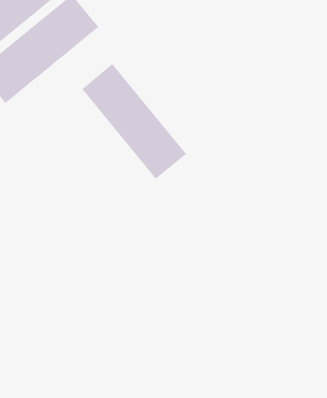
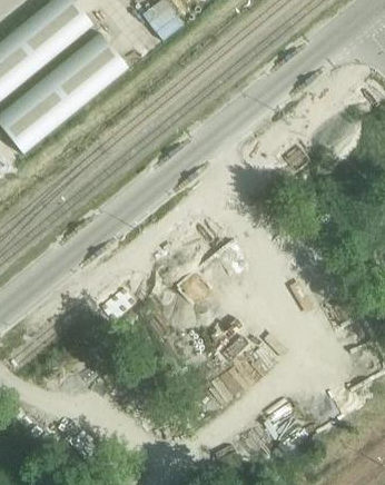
building: [81,63,187,180] -> none

